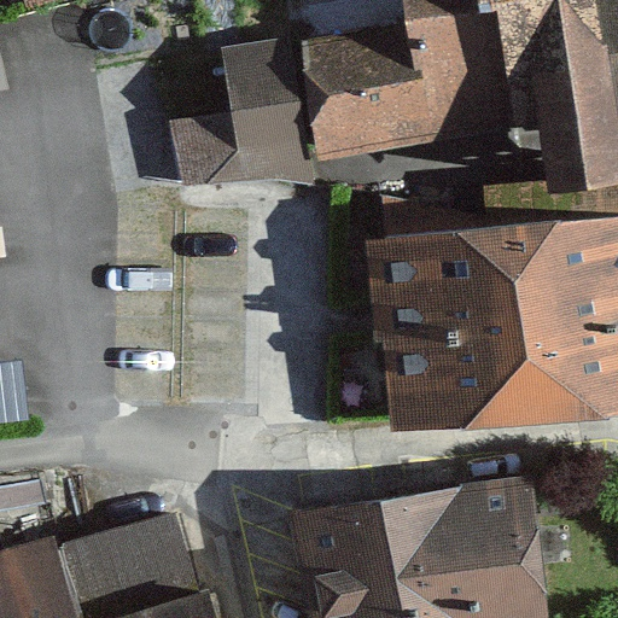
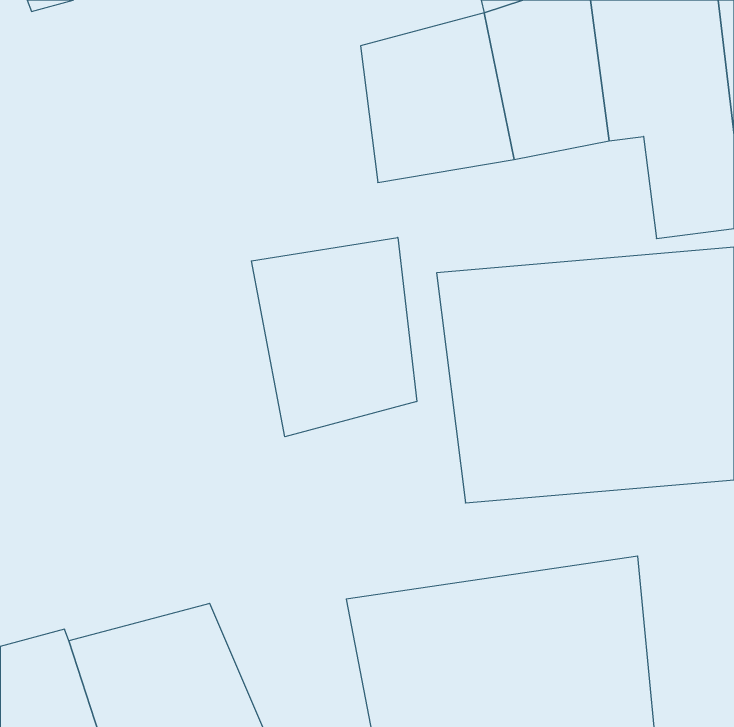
building: [171,36,316,194] -> none
building: none -> [251,237,417,437]

